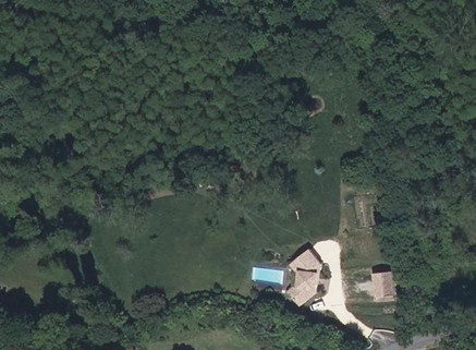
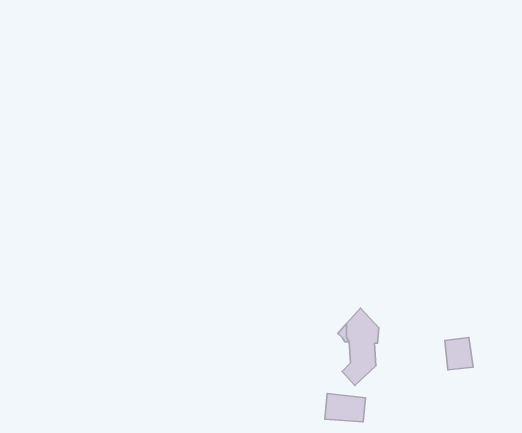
building: none -> [325,394,366,422]

